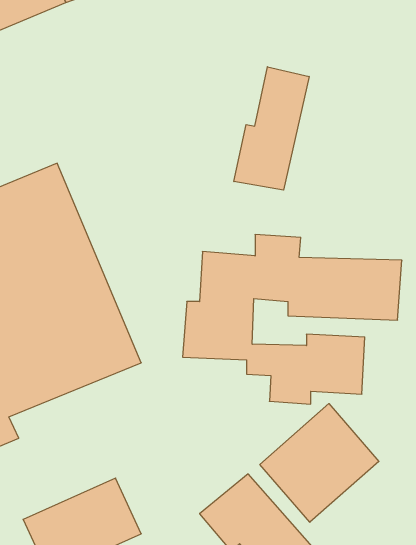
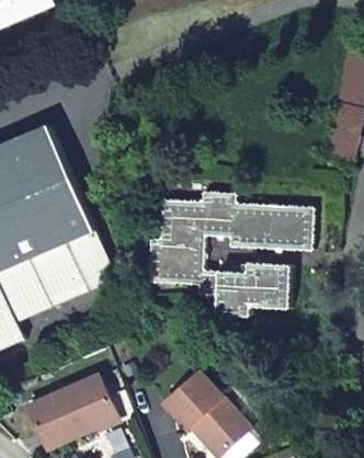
building: [234,67,309,190] -> none
building: [260,404,379,522] -> none

